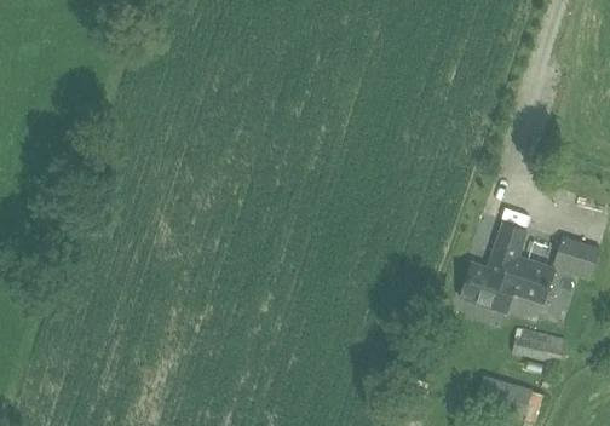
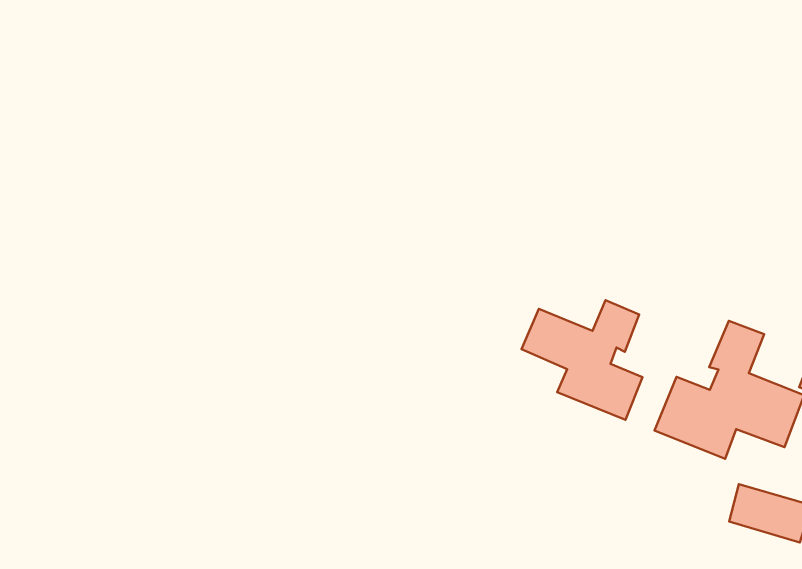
building: none -> [521,300,643,420]

